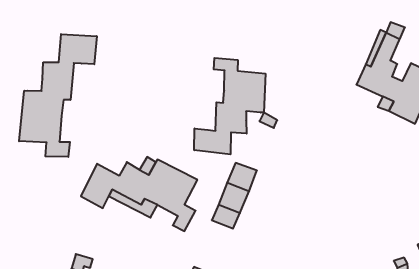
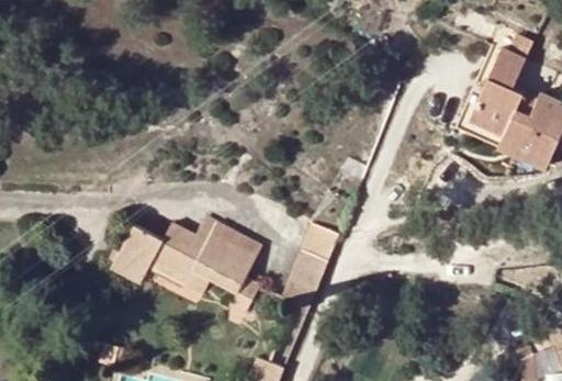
building: [19,34,97,157] -> none
building: [194,58,265,154] -> none

